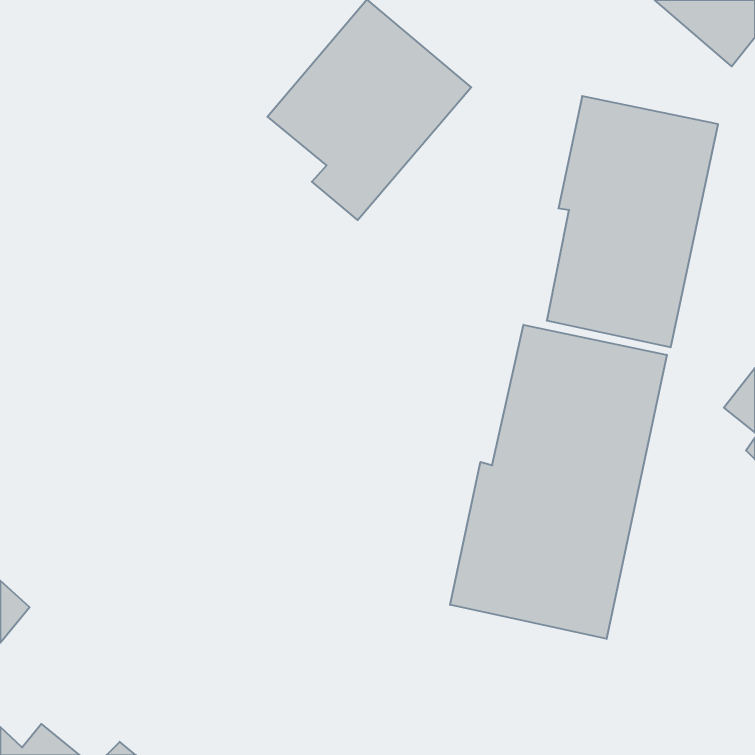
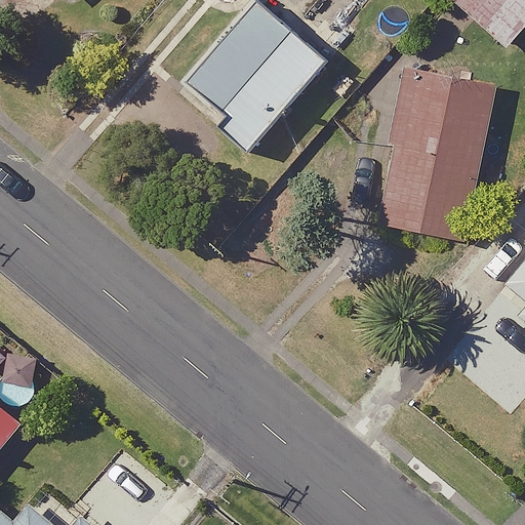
building: [450,325,667,639] -> none

